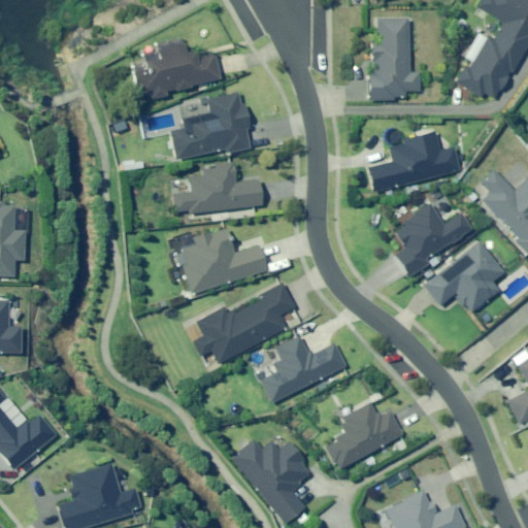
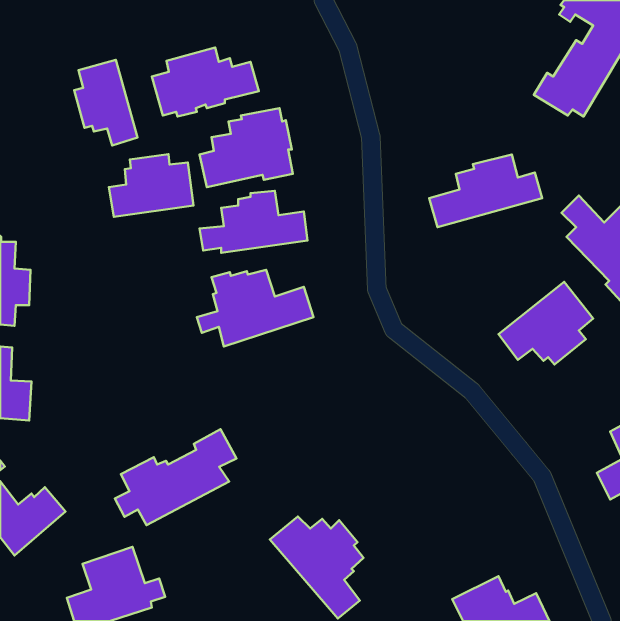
building: [370,19,421,101] -> none
building: none -> [74,60,138,145]
building: none -> [109,154,194,217]
building: [394,202,471,276] -> none
building: [191,283,294,364] -> [115,429,236,525]
building: [259,335,346,403] -> none
building: [325,400,402,468] -> none

